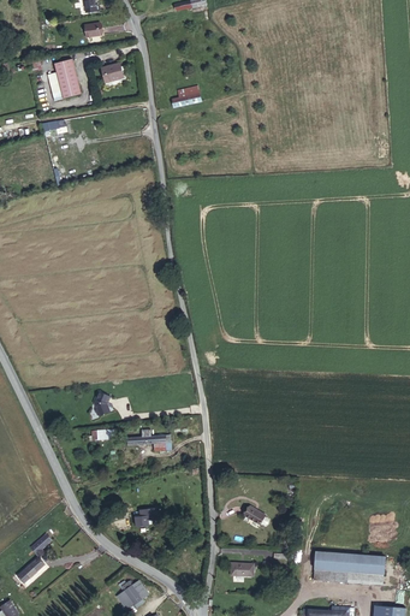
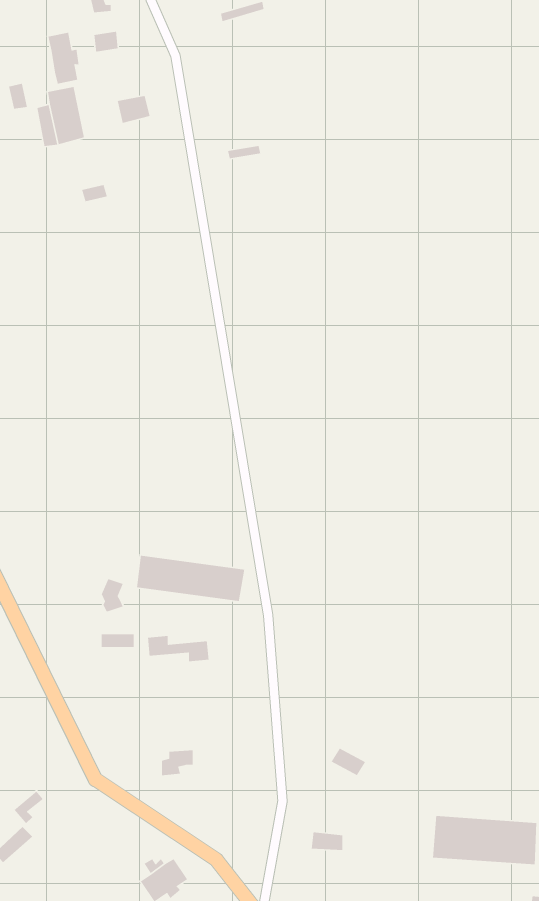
building: none -> [48,32,79,84]
building: none -> [136,555,245,602]

